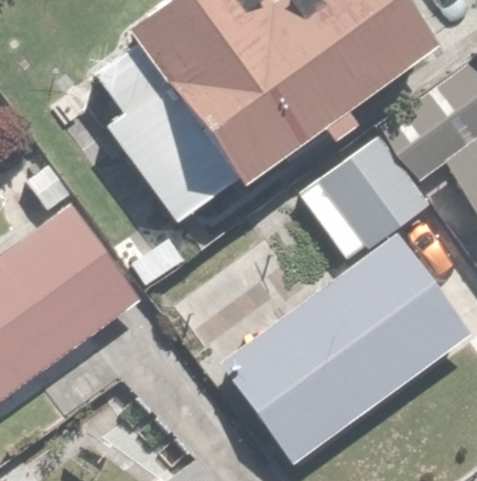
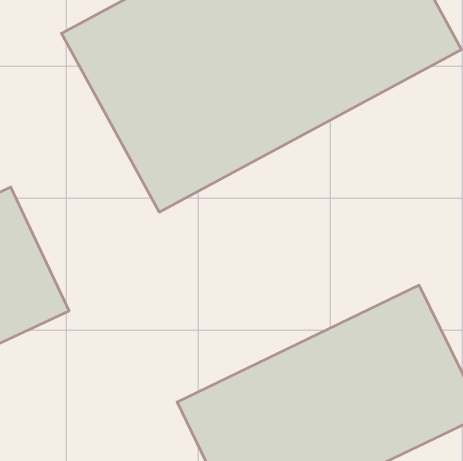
building: [303,139,427,261] -> none

